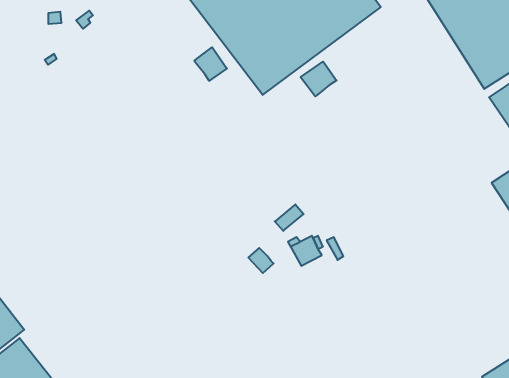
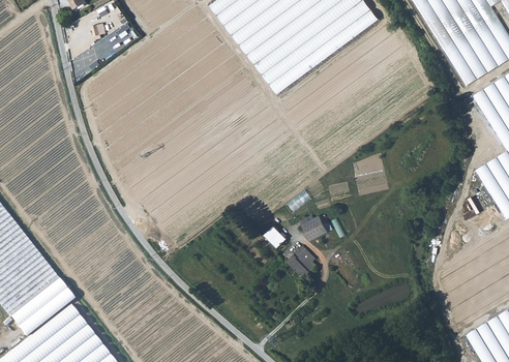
building: [194,47,227,81] -> none
building: [301,62,337,96] -> none
building: none -> [289,246,317,277]

